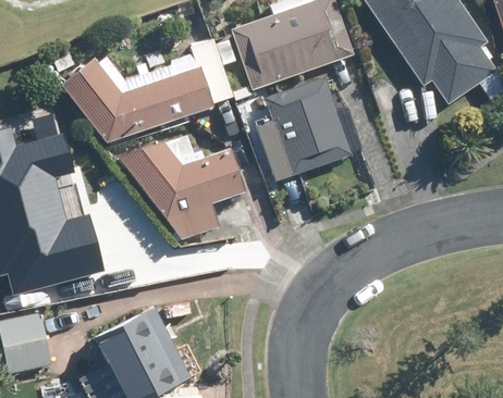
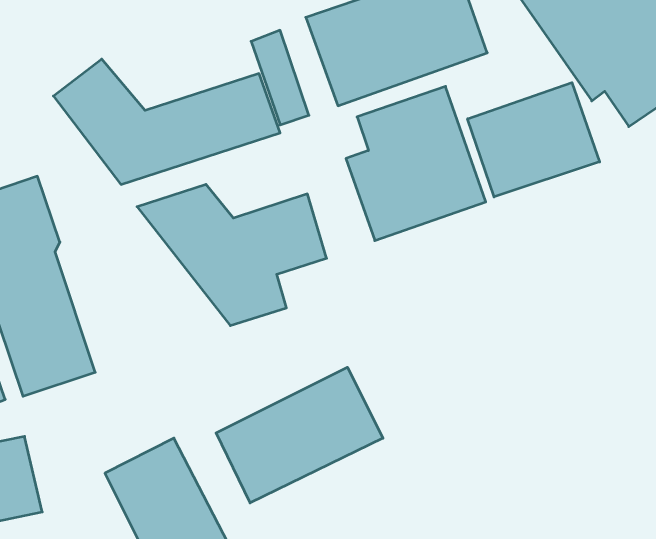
building: none -> [468,83,600,197]
building: none -> [216,367,383,503]

